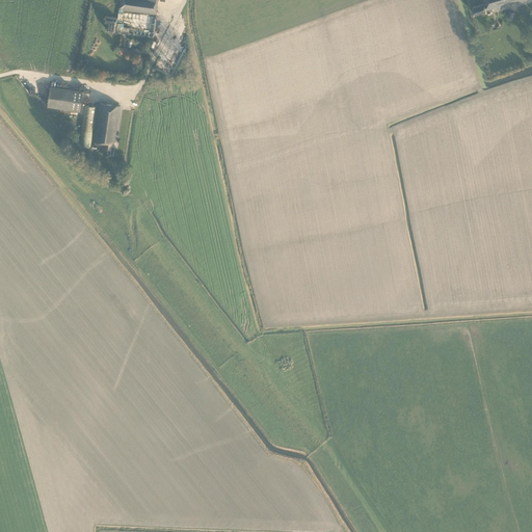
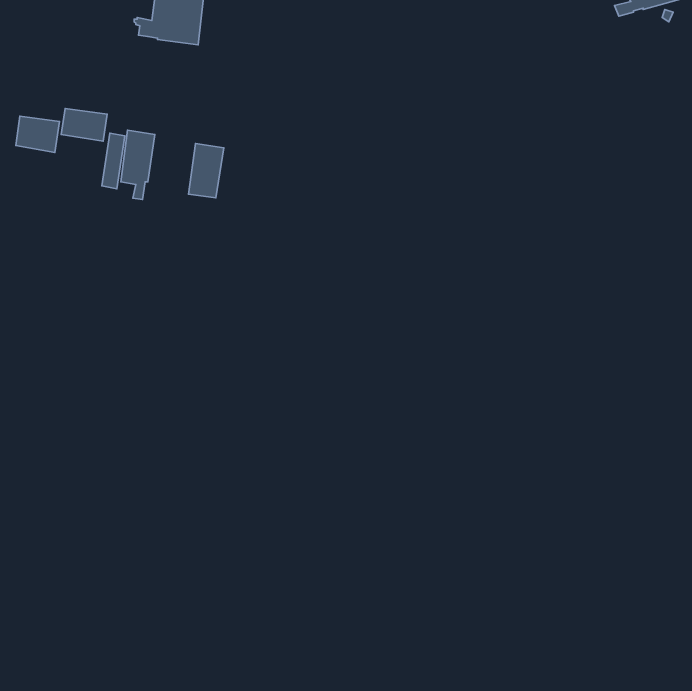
building: none -> [16,116,60,153]
building: none -> [189,144,224,198]

